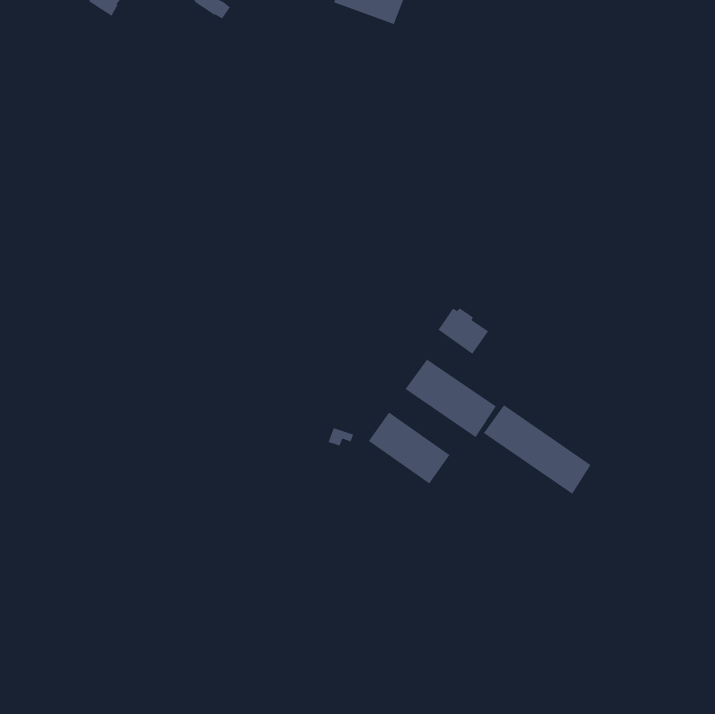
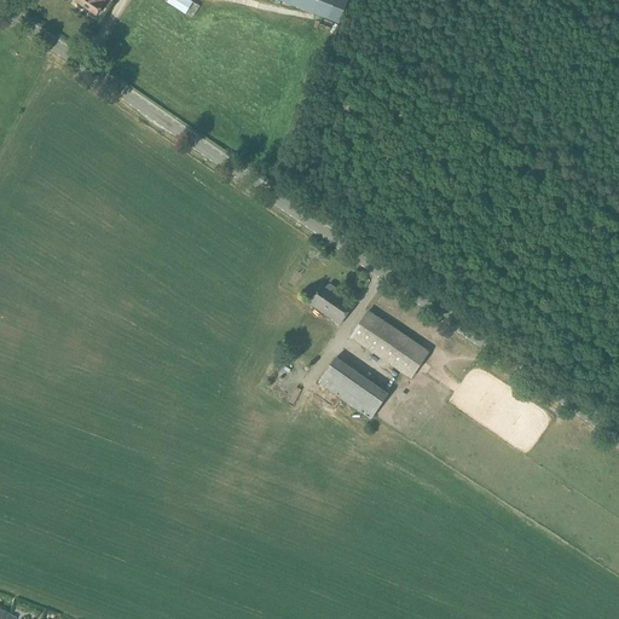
building: [438,307,489,355] -> [310,283,354,324]
building: [483,404,592,495] -> none

